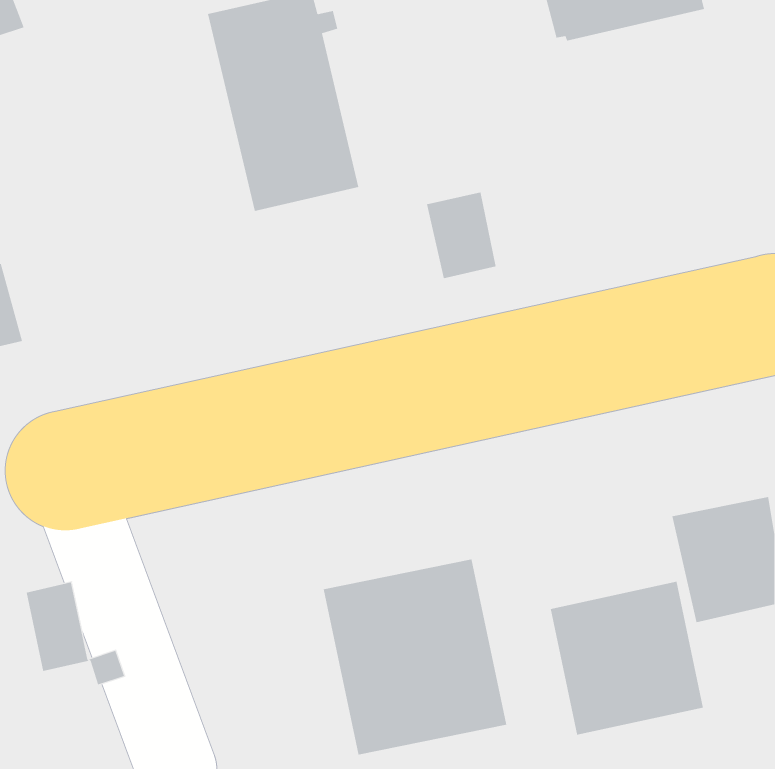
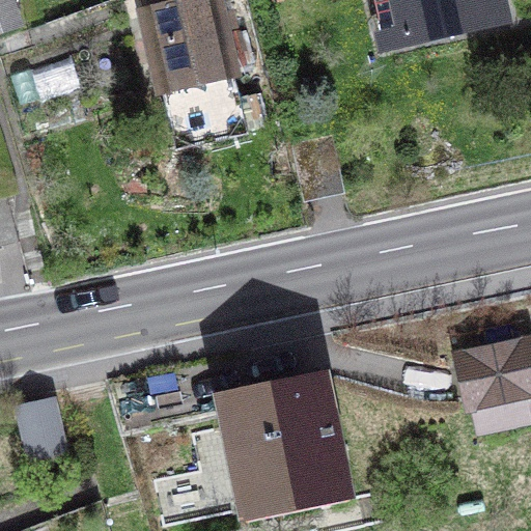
building: [550,581,704,736] -> none

